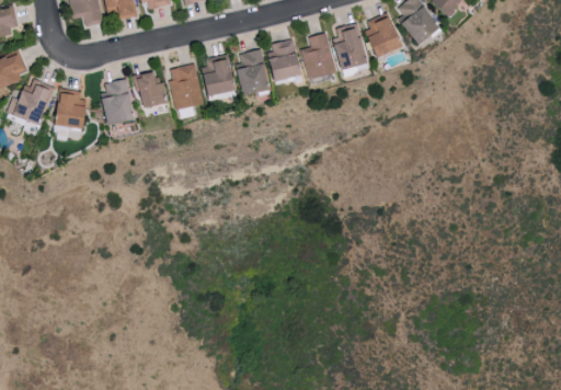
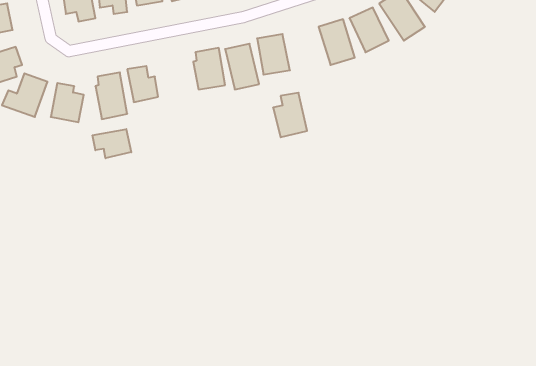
building: [299,33,334,79] -> [273,93,307,137]
building: [167,64,202,110] -> none
building: none -> [93,129,131,158]

